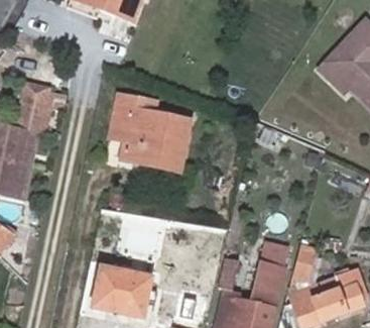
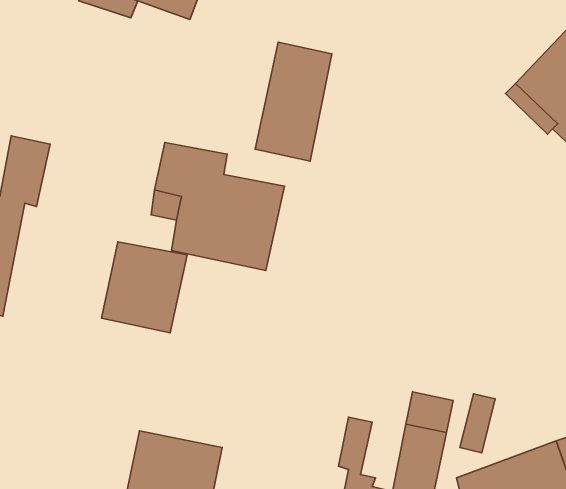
building: none -> [255,42,332,161]
building: none -> [102,242,187,333]

